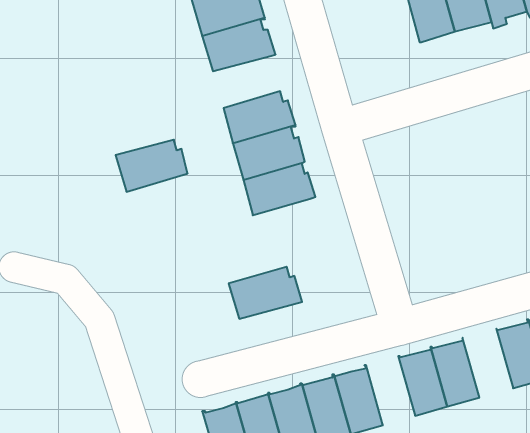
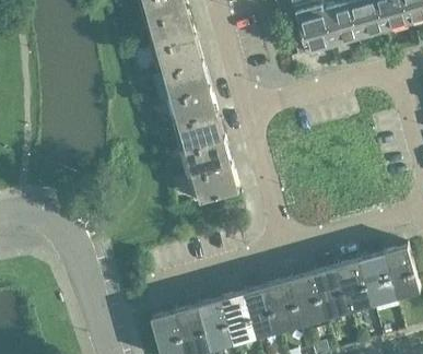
building: [116,140,188,192] -> [158,63,210,101]
building: [229,267,302,319] -> [187,165,239,202]
building: none -> [337,258,373,307]
building: none -> [268,278,303,327]

